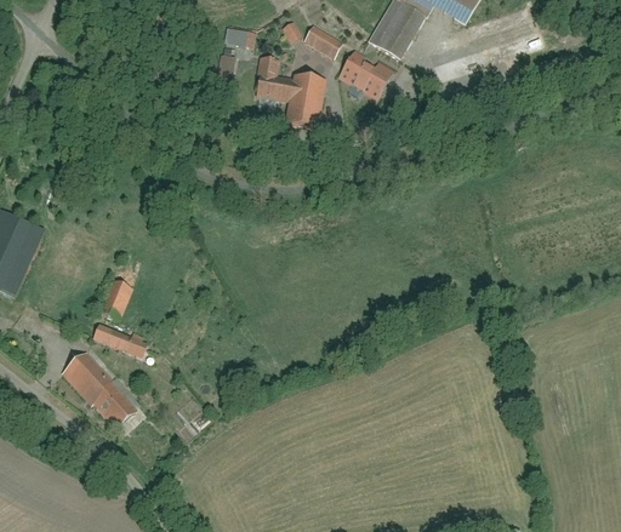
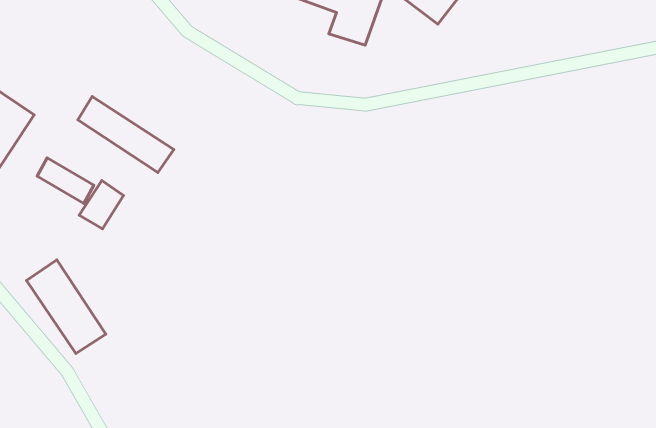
building: none -> [78,97,174,172]
building: [97,324,147,357] -> [37,158,94,203]

